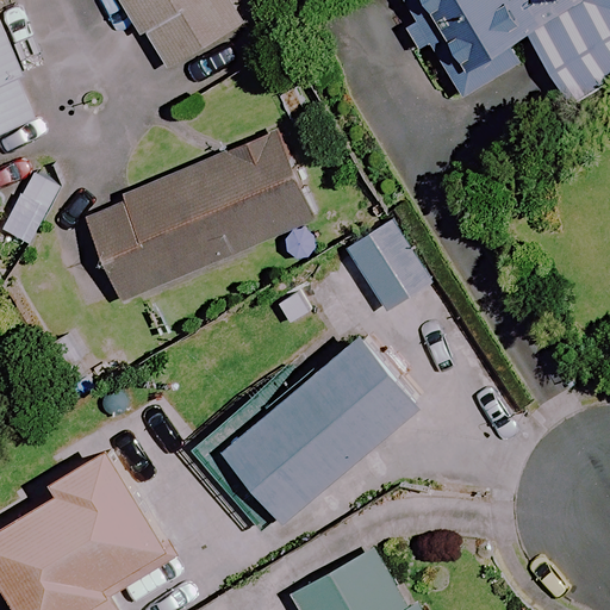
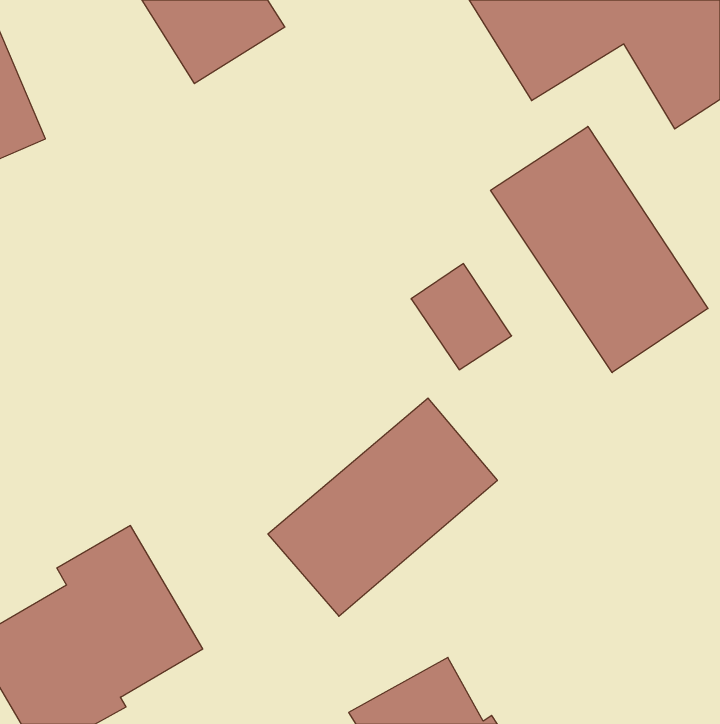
building: none -> [491,126,708,373]
building: [85,133,313,301] -> none

